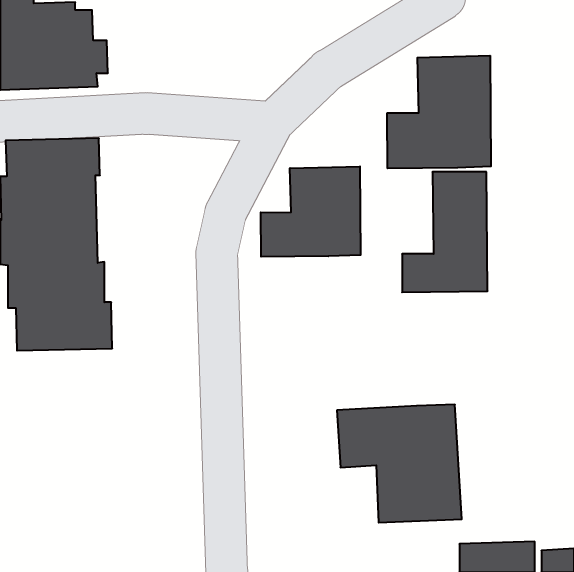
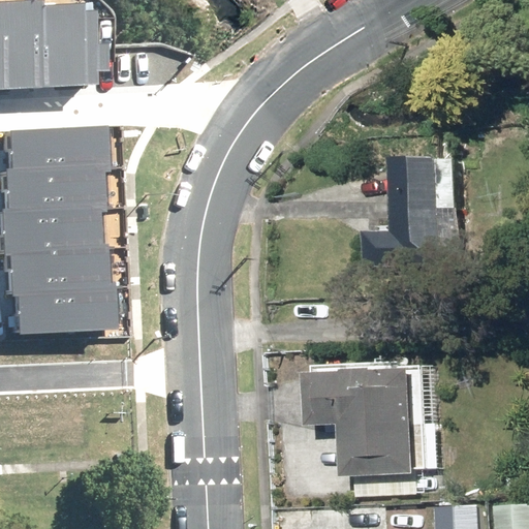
building: [387,56,491,168] -> none
building: [261,166,361,257] -> none

